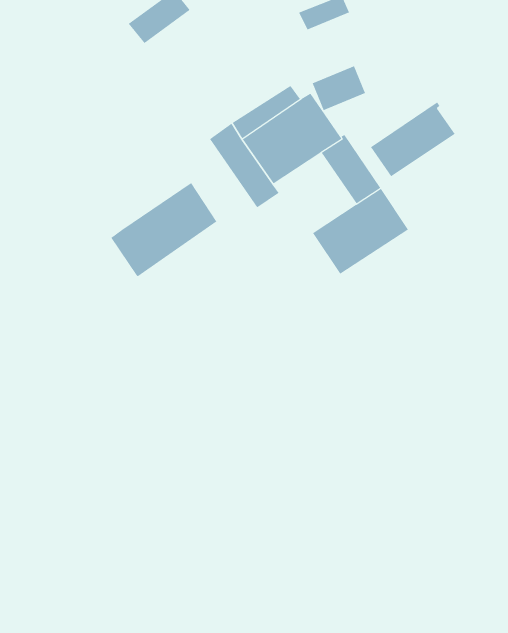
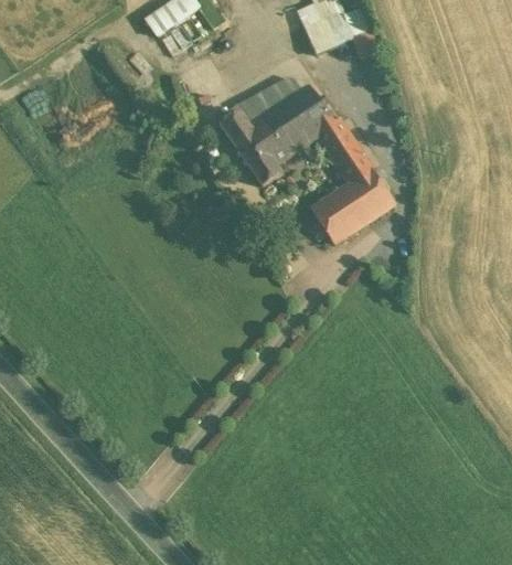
building: [312,66,366,111] -> [306,11,353,51]
building: [370,102,456,177] -> none
building: [111,182,217,277] -> none

